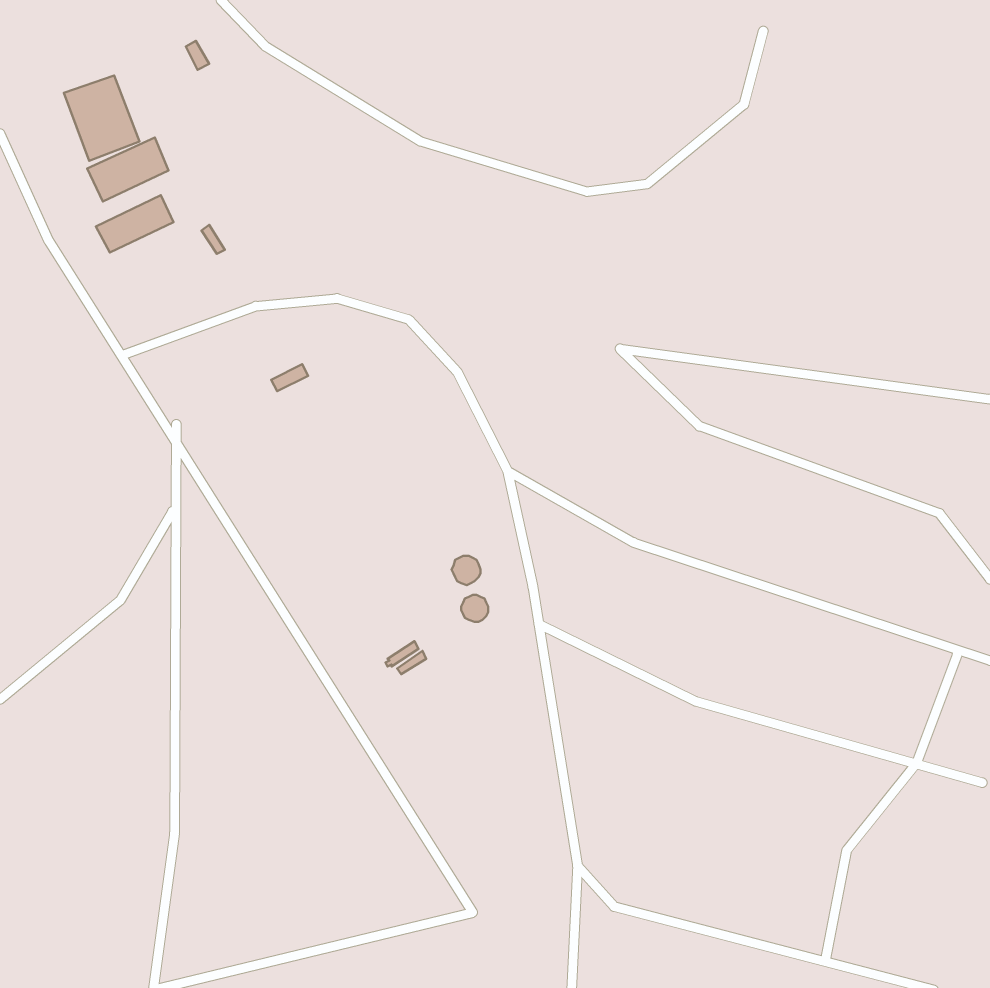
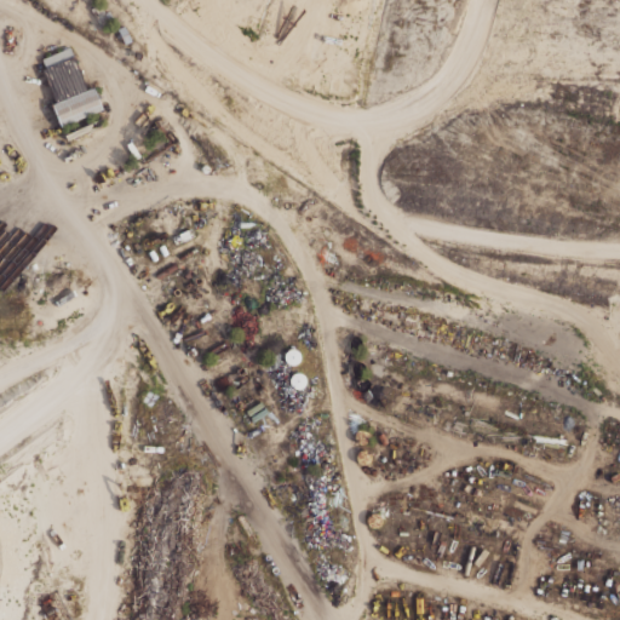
building: [96,195,174,252] -> none

